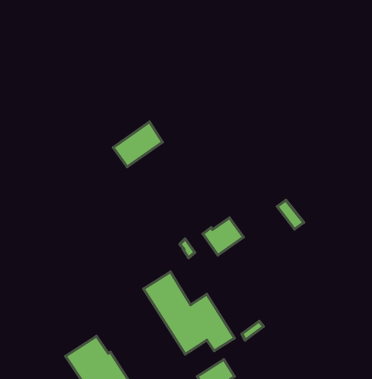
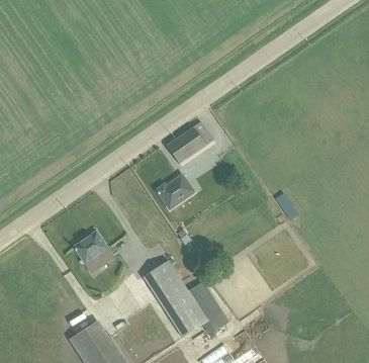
building: [113,122,162,167] -> [166,120,212,163]
building: [203,218,243,255] -> [156,174,194,209]
building: none -> [73,231,114,273]

